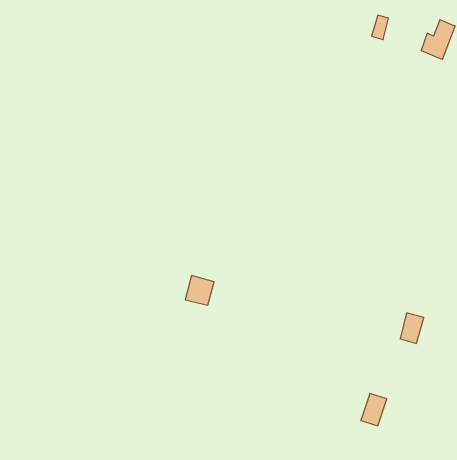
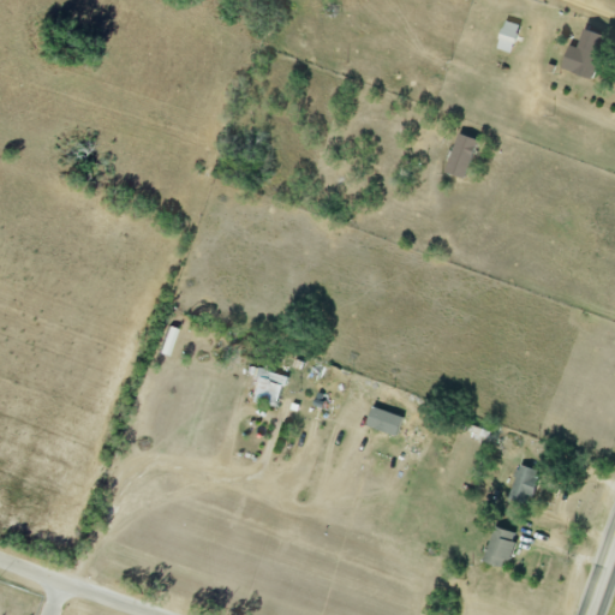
building: none -> [446,132,478,178]
building: none -> [366,406,404,436]
building: [400,313,424,343] -> [508,464,539,504]

